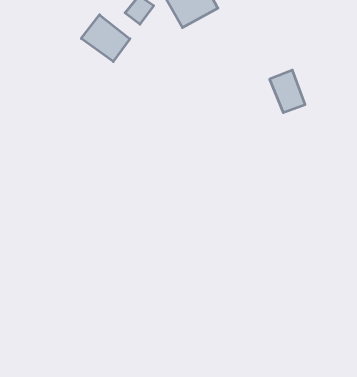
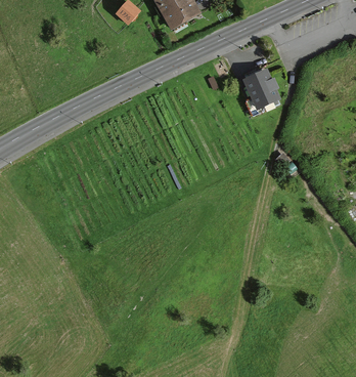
building: [81,15,130,62] -> none

